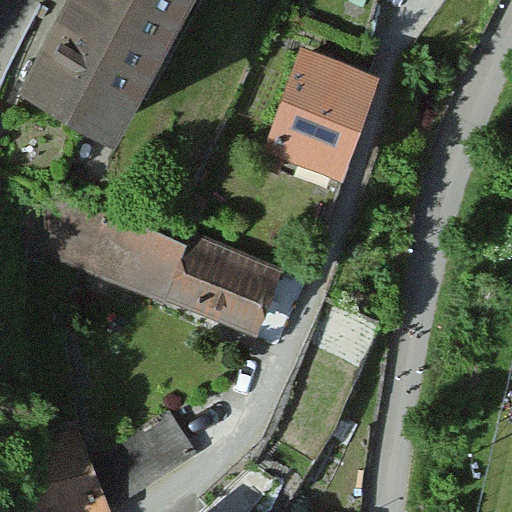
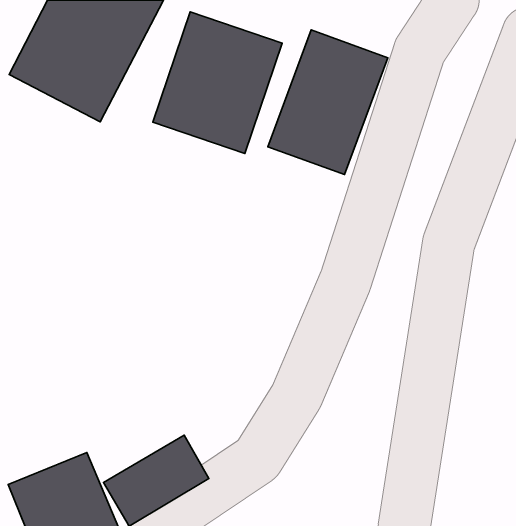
building: none -> [153,12,282,154]
building: [42,205,300,339] -> none

